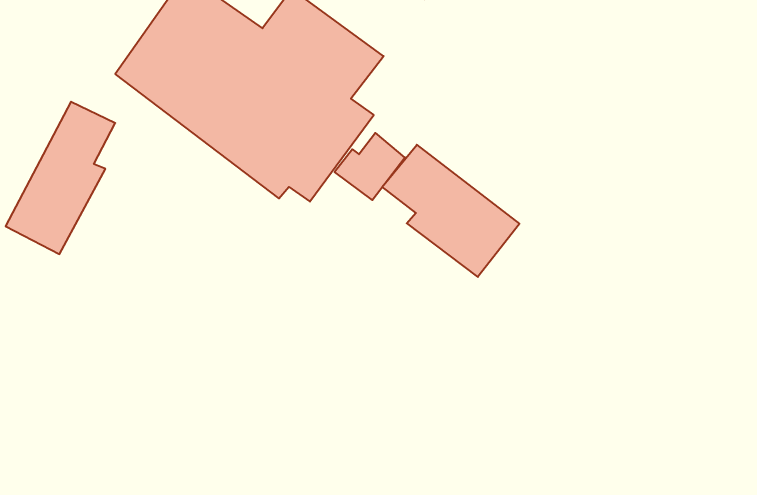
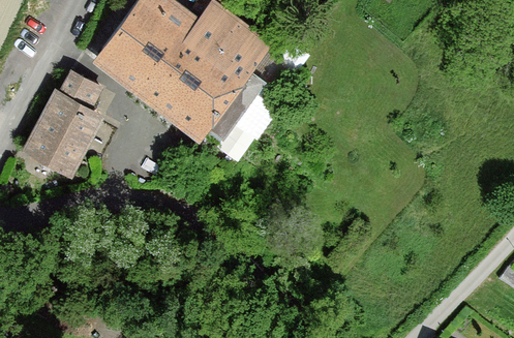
building: [382,145,519,277] -> none

